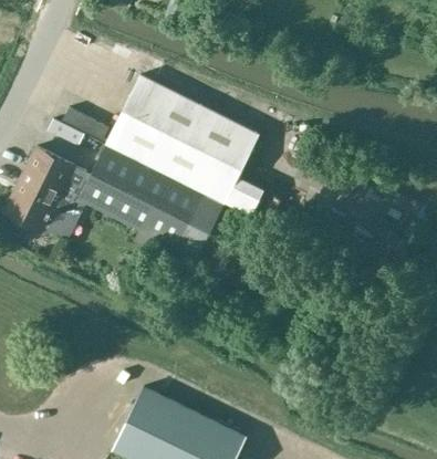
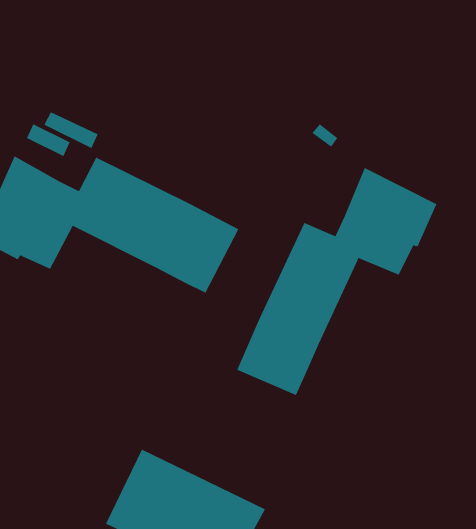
building: [104,75,263,215] -> none
building: none -> [236,167,437,396]

